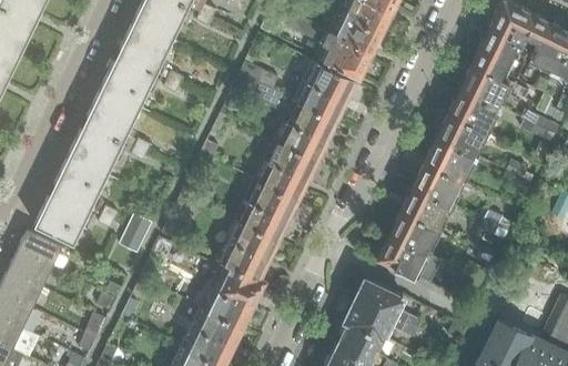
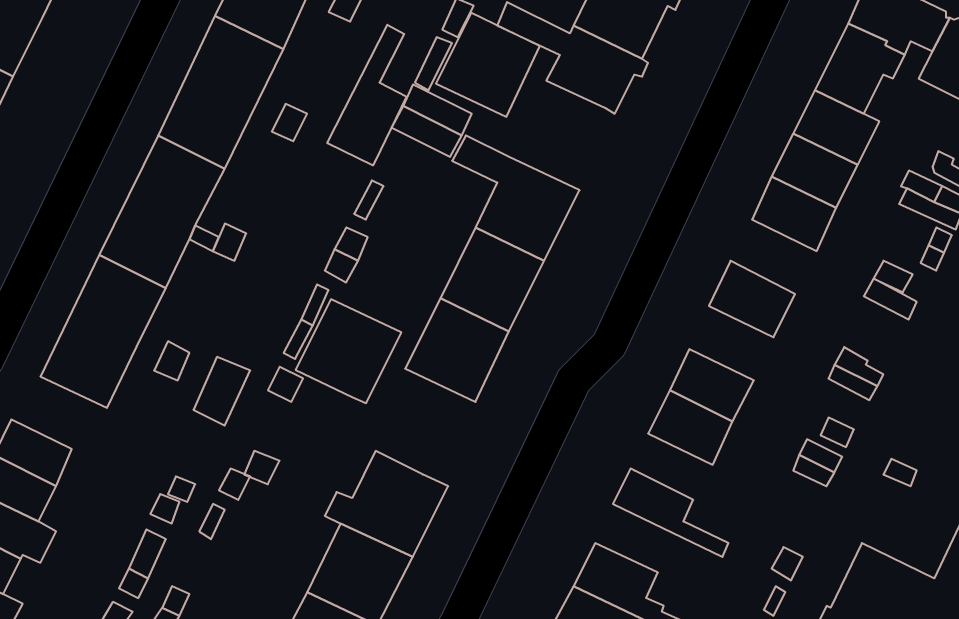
building: none -> [327,25,406,165]
building: [300,62,358,121] -> [436,13,540,117]
building: [425,138,474,180] -> none
building: [402,186,449,228] -> none
building: [221,222,281,281] -> [296,299,401,403]
building: [18,230,67,272] -> none
building: [348,298,420,338] -> none

